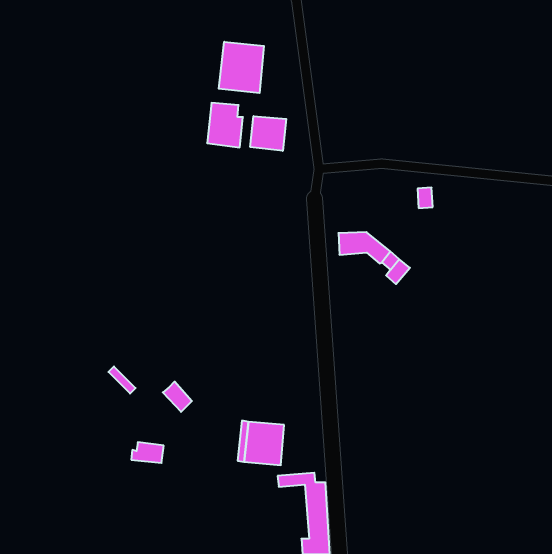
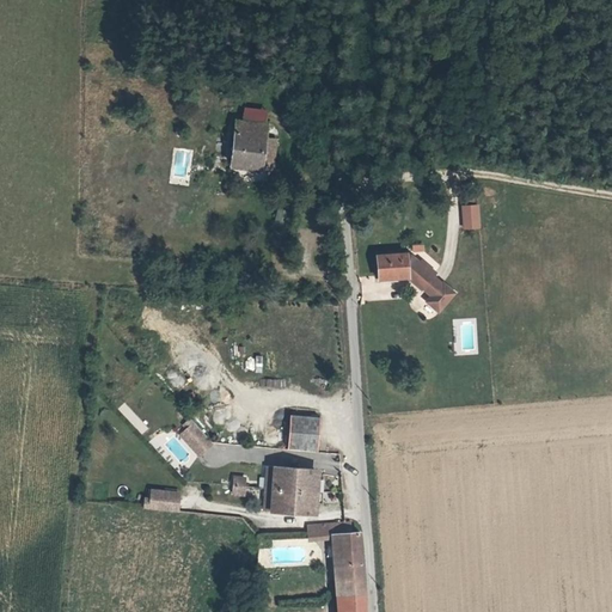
building: [219,42,264,93] -> none
building: [250,116,286,151] -> none
building: none -> [286,412,322,451]

